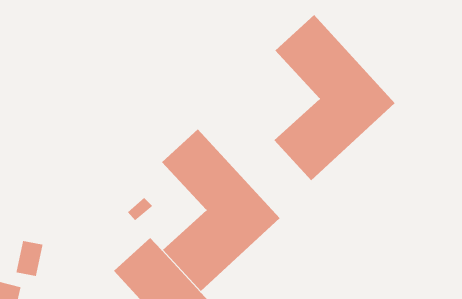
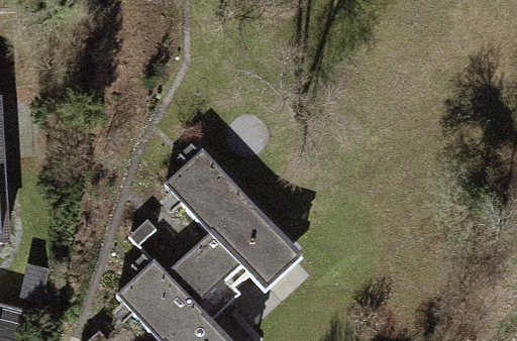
building: [273,14,396,181] -> none

